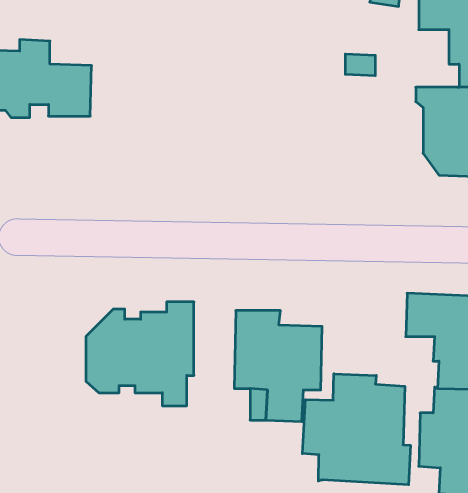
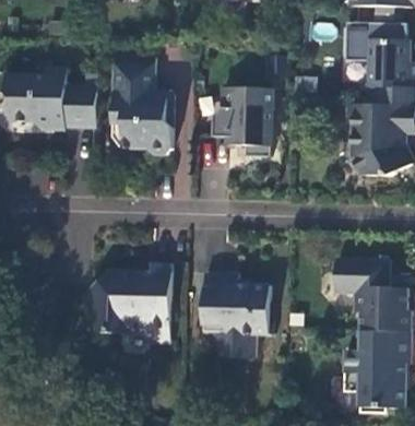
building: none -> [116,59,176,156]
building: none -> [214,86,272,155]
building: [302,374,410,485] -> none

